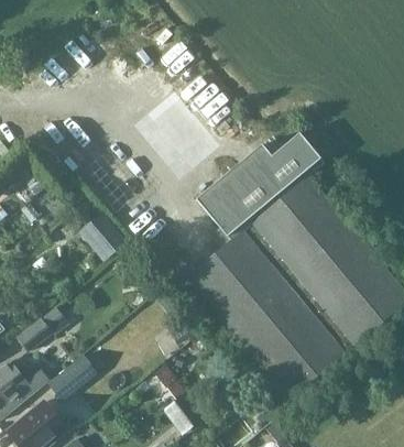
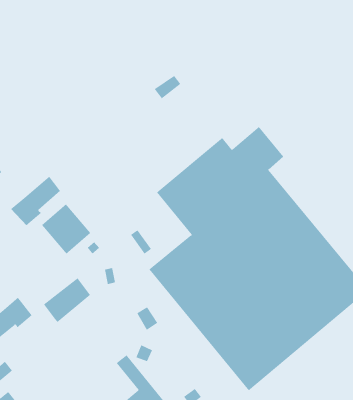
building: none -> [10,176,61,226]
building: [48,353,97,400] -> [43,277,91,323]

